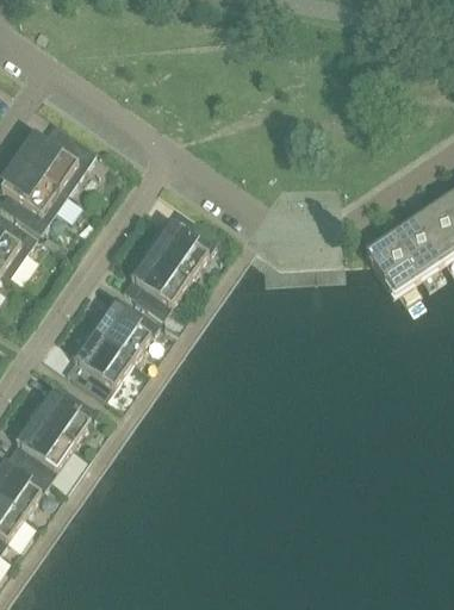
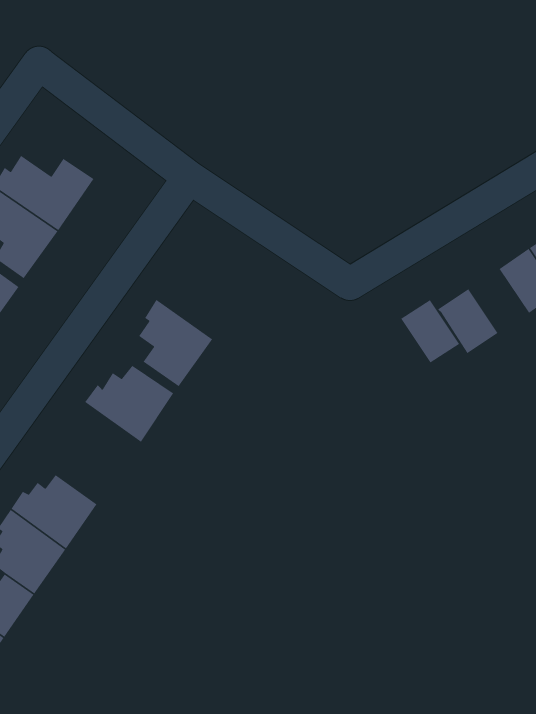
building: [144,220,218,279] -> none
building: [392,223,440,274] -> [400,299,460,364]
building: [71,329,132,399] -> none

